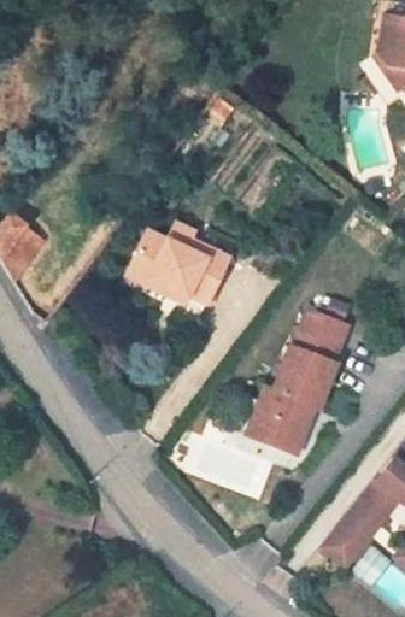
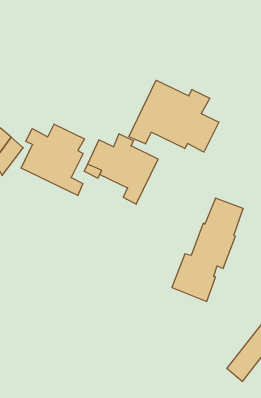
building: none -> [129,80,219,152]
building: none -> [21,124,84,196]

